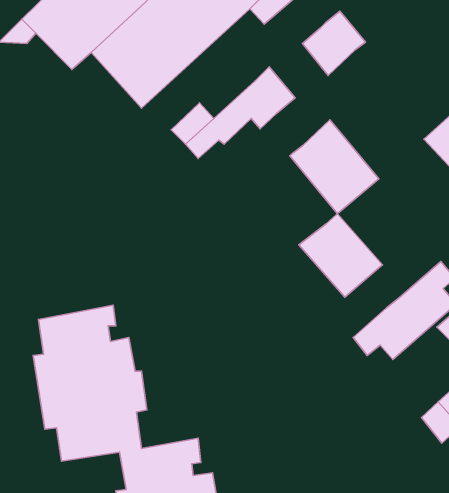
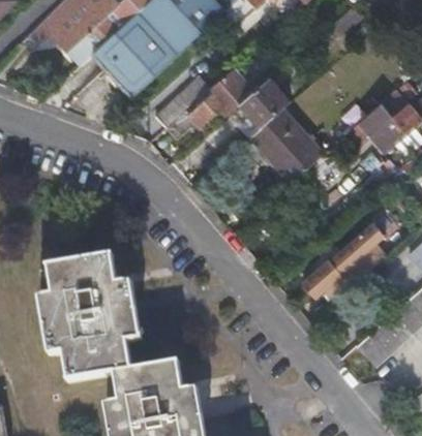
building: [302,11,366,76] -> [241,75,292,127]
building: [299,214,382,297] -> none

